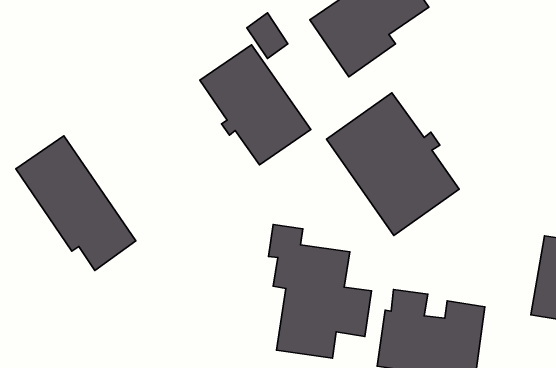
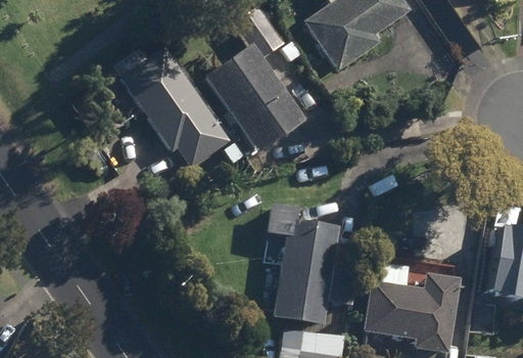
building: [327,93,459,236] -> none
building: [16,136,136,271] -> [121,47,228,168]

